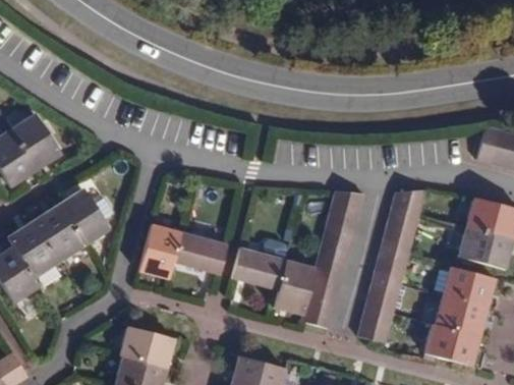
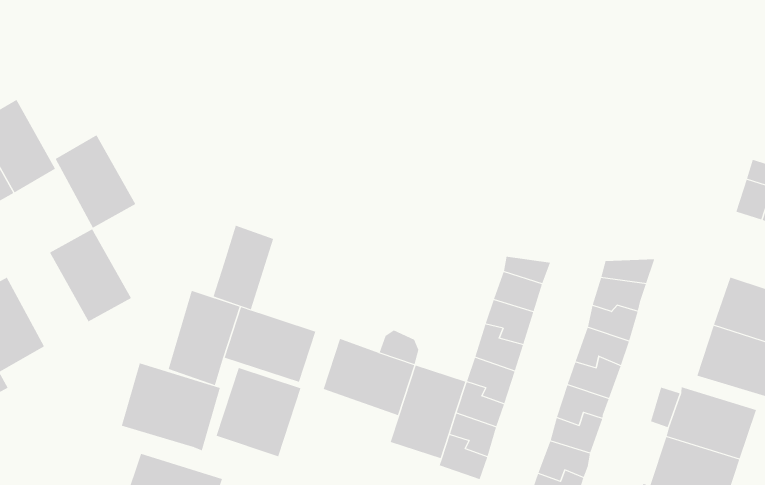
building: none -> [213,225,274,310]
building: [36,206,87,263] -> [55,135,136,228]
building: none -> [216,367,301,457]
building: none -> [121,362,221,451]

